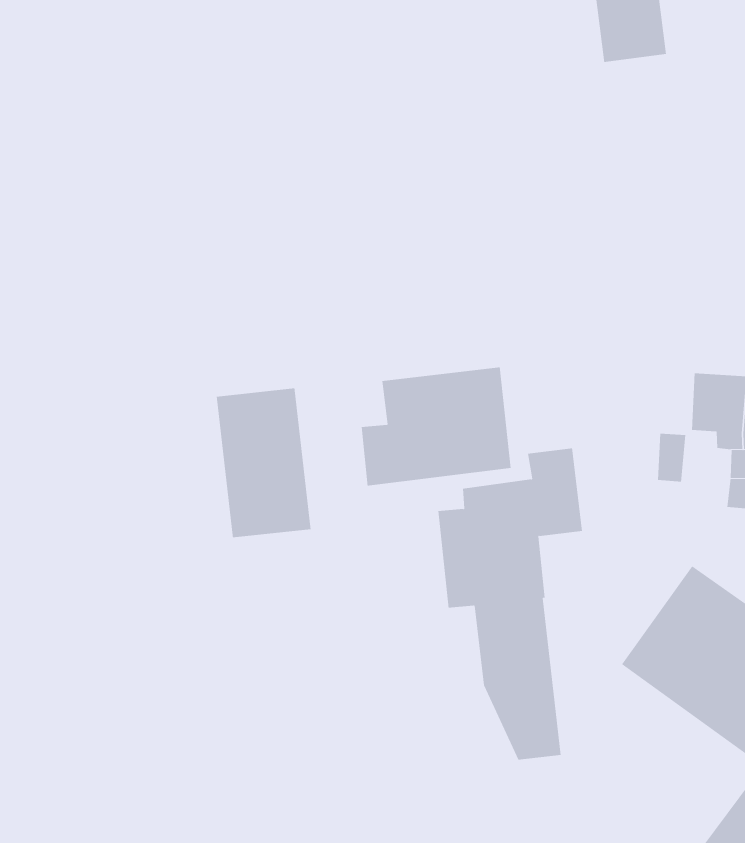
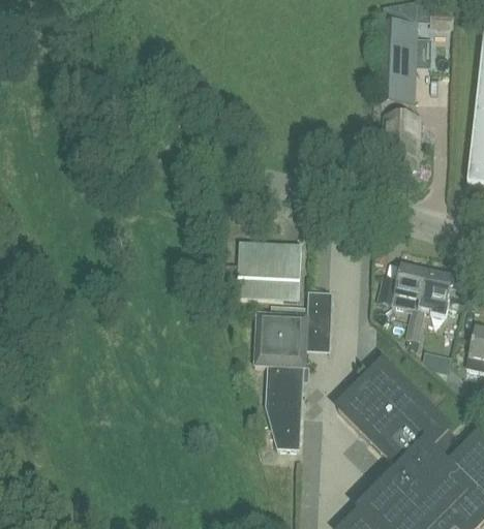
building: none -> [385,116,418,170]
building: [216,388,311,538] -> none

